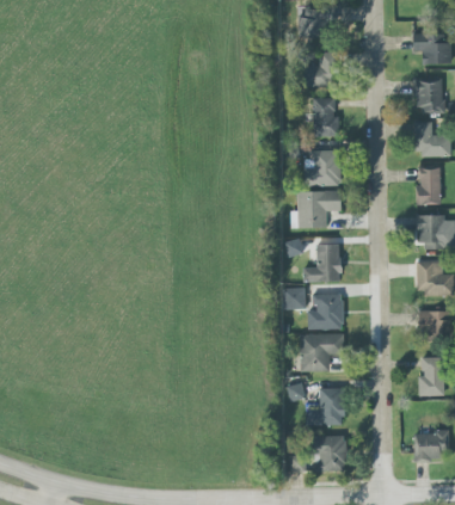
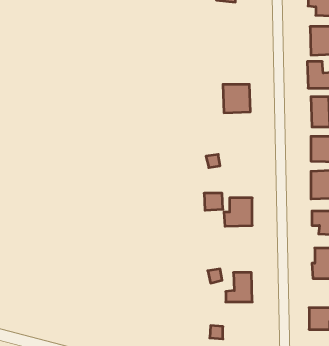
building: [303,51,334,87] -> none
building: [313,98,339,136] -> none
building: [290,190,340,228] -> none
building: [303,244,340,282] -> none
building: [300,333,344,371] -> none
building: [314,436,345,472] -> none

